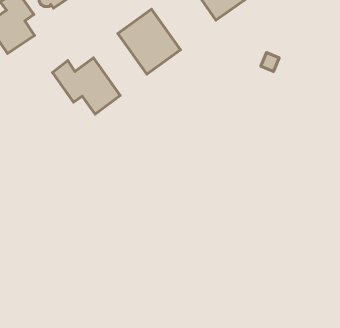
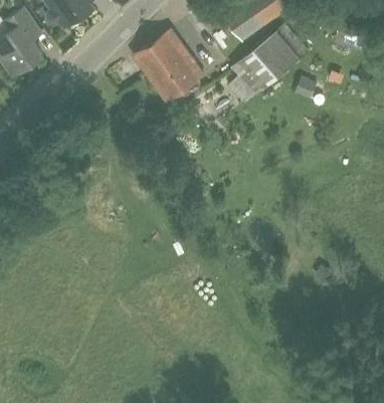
building: none -> [234,31,300,93]
building: [53,58,120,114] -> none

